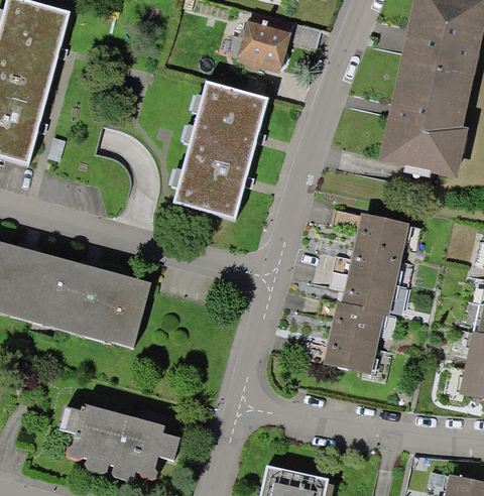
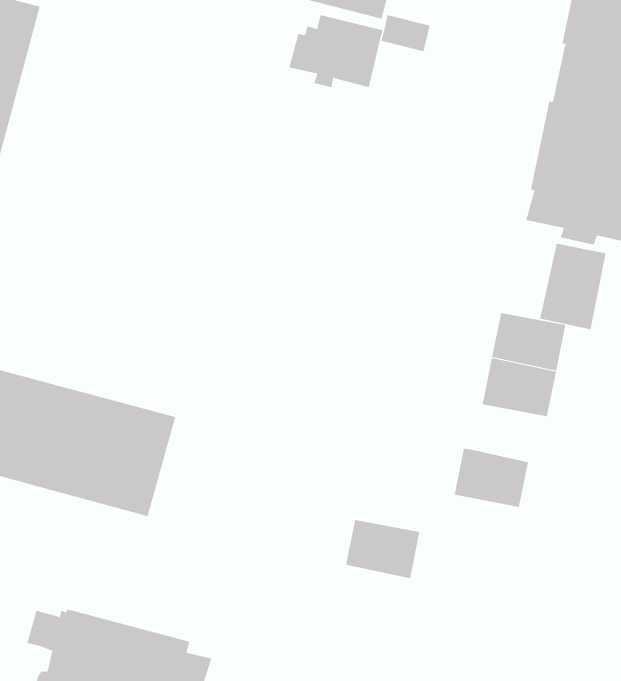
building: [171,80,267,219] -> none
building: none -> [540,243,606,330]
building: [347,274,395,313] -> none
building: [329,333,377,371] -> [345,520,420,579]

